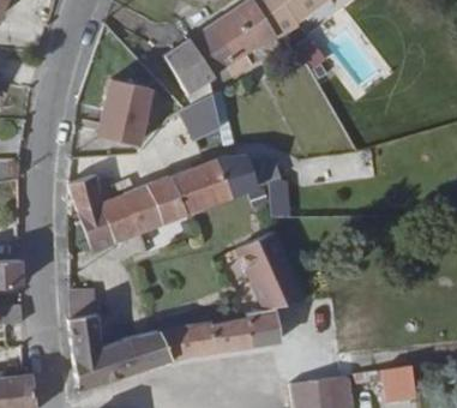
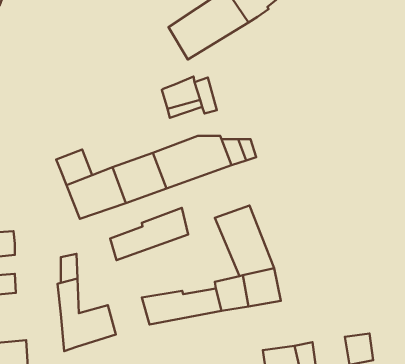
building: [166,42,215,103] -> none
building: [103,77,151,139] -> none
building: none -> [110,208,188,260]
building: [124,331,168,371] -> none

